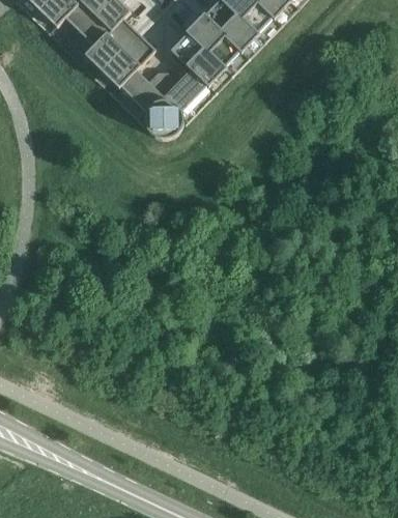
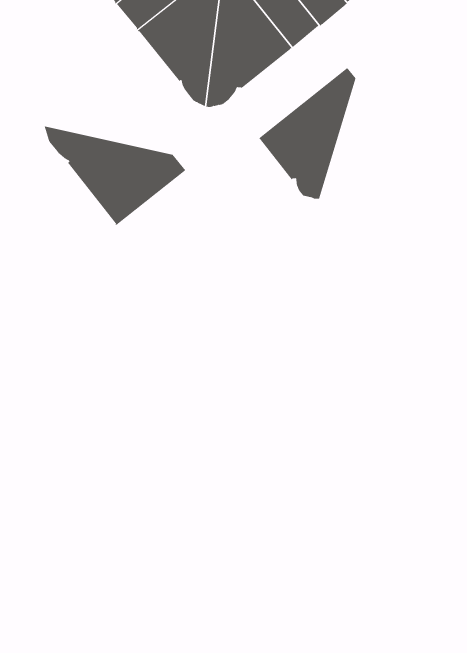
building: none -> [258,67,356,200]
building: none -> [44,126,186,226]

